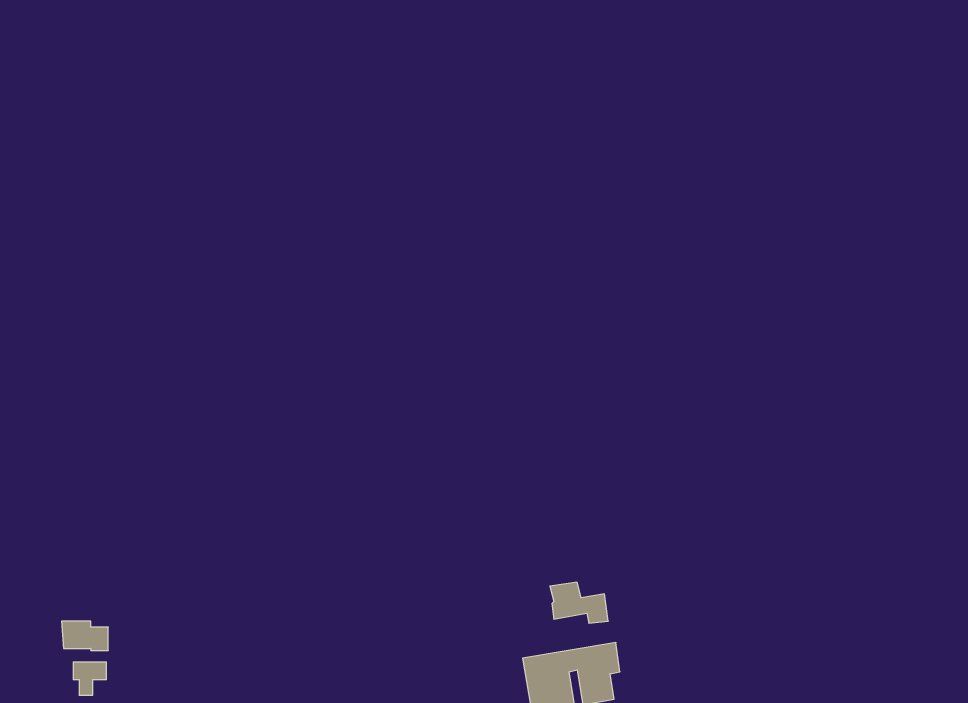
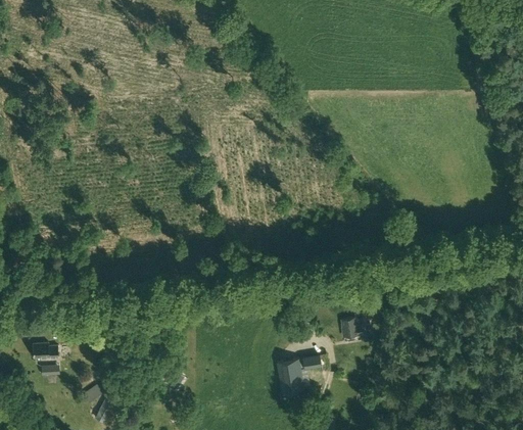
building: [550,582,608,623] -> [340,318,371,339]

